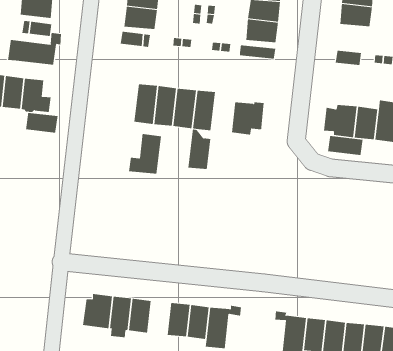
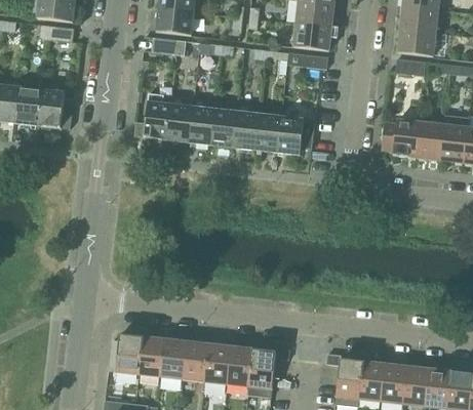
building: none -> [397,29,435,56]
building: [8,32,62,66] -> none
building: [25,112,58,133] -> none
building: [188,129,211,170] -> [254,106,281,152]
building: [128,134,162,174] -> [133,93,171,139]
building: [327,135,363,156] -> none
building: none -> [183,342,208,381]

